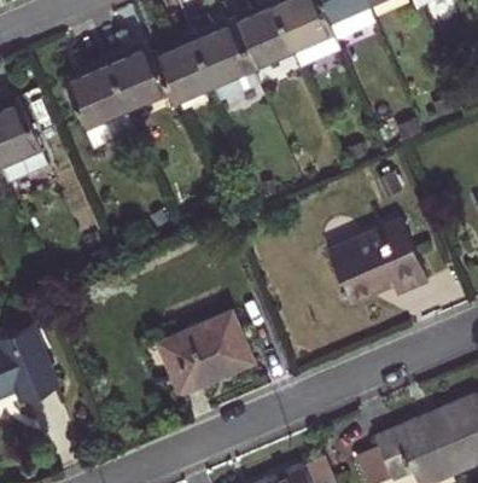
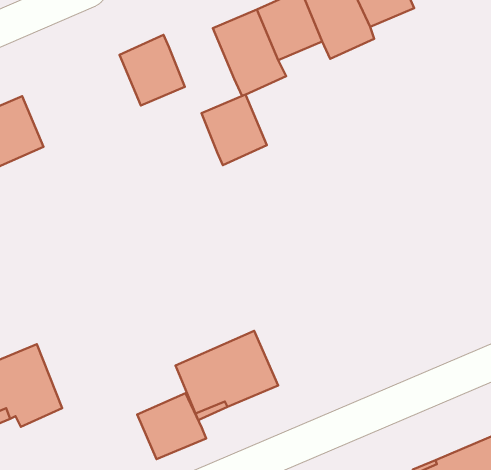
building: [153,39,212,103] -> [201,95,267,165]
building: [65,63,128,128] -> none
building: [328,220,429,303] -> none
building: none -> [137,393,206,459]

